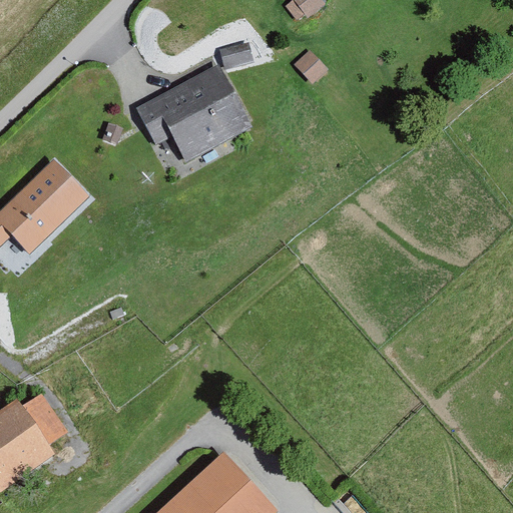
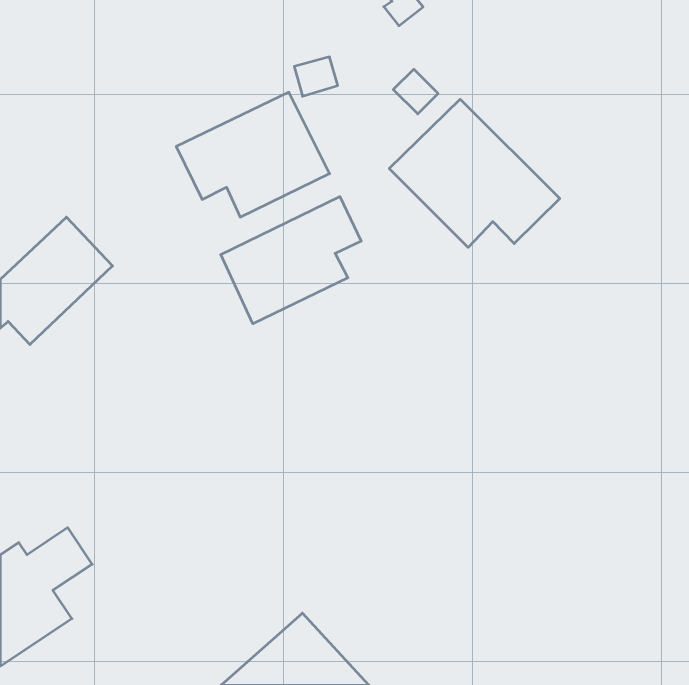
building: none -> [389,99,560,247]
building: none -> [221,197,361,324]

